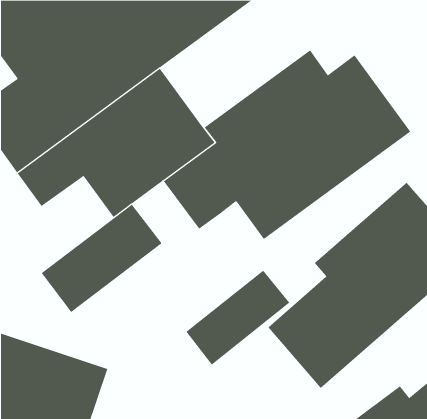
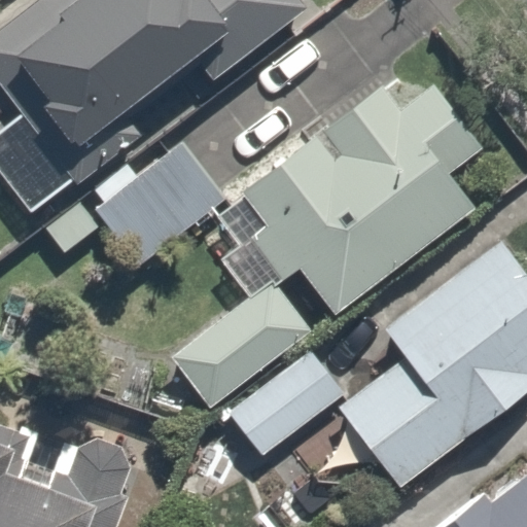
building: [41,204,162,313] -> [165,277,314,411]

